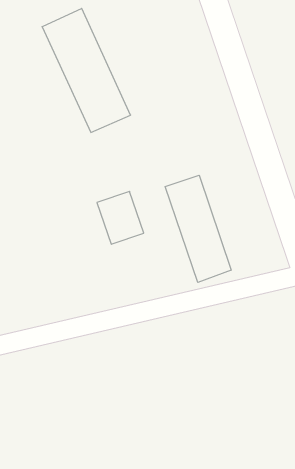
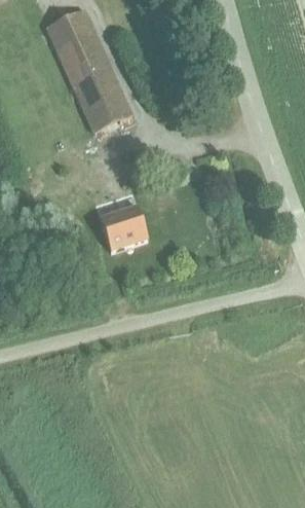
building: [165,175,231,282] -> none

